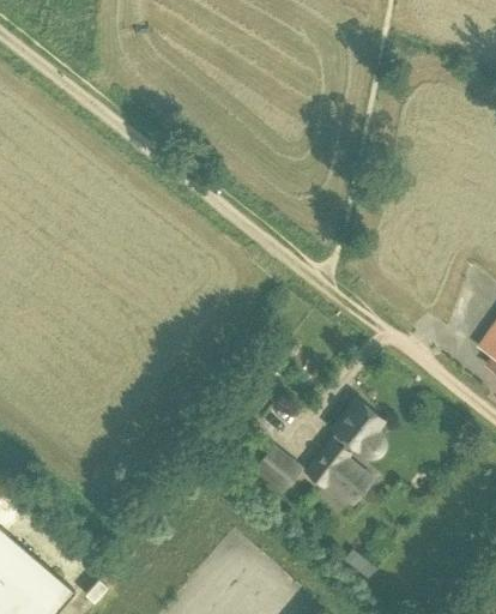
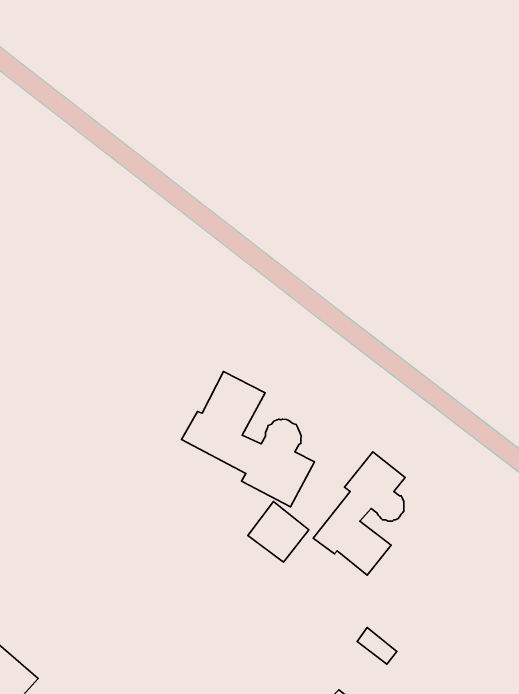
building: none -> [181,371,315,507]

